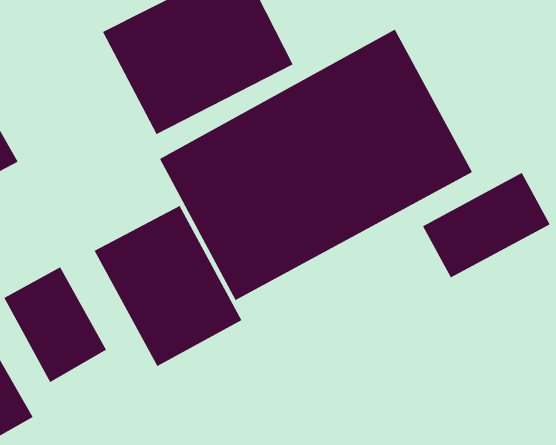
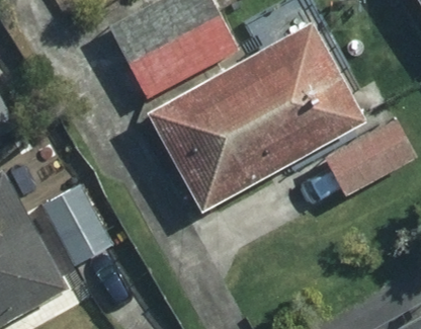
building: [94,205,242,367] -> none

